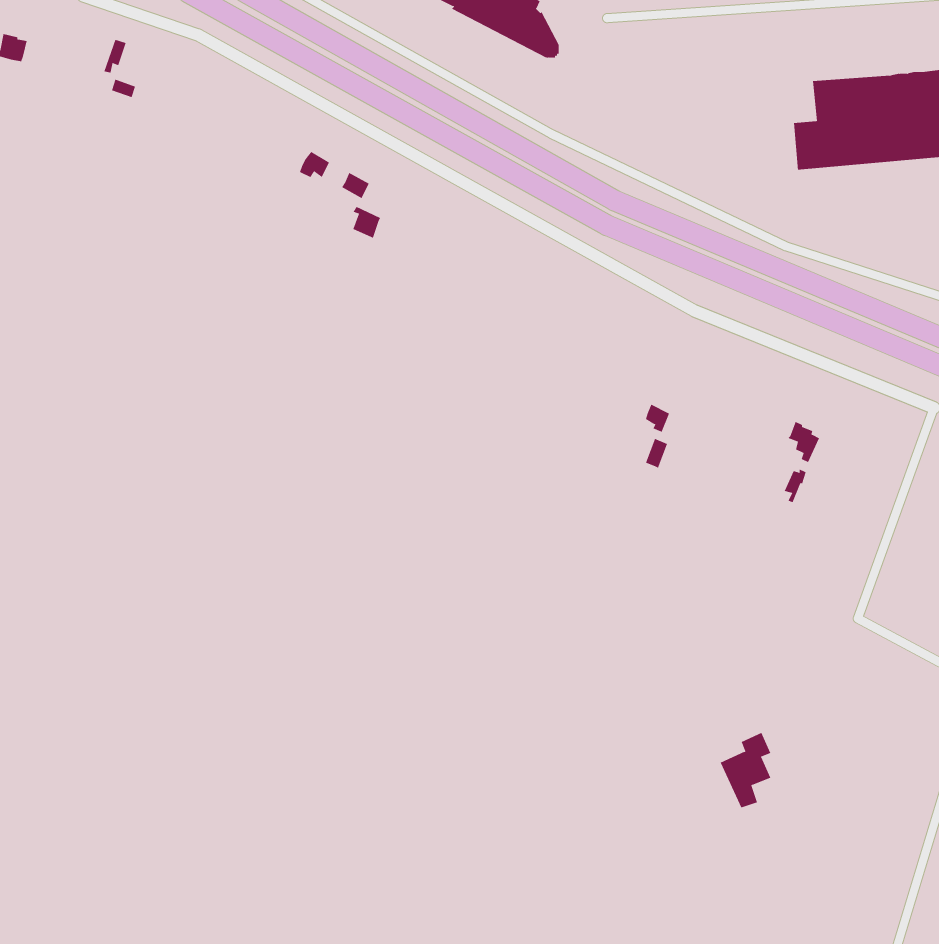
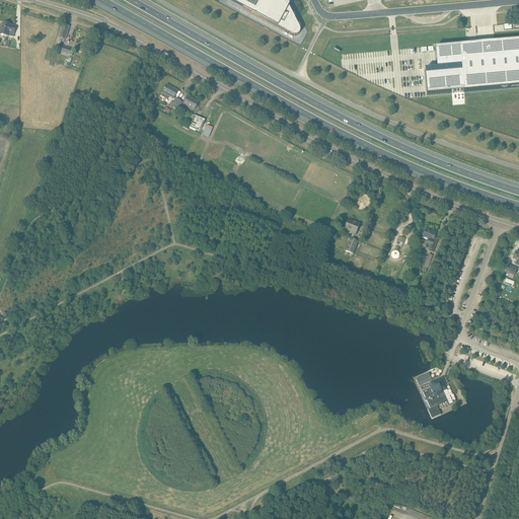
building: [720,732,771,808] -> [420,374,447,415]

